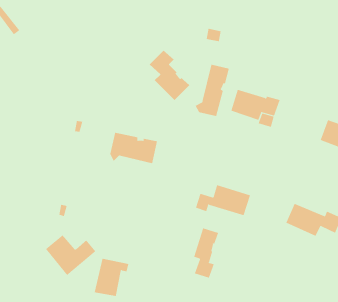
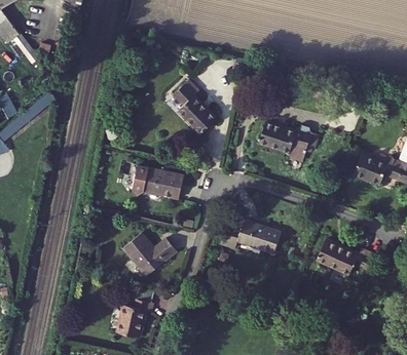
building: [195,64,230,117] -> none
building: [193,228,219,279] -> none
building: [45,234,96,276] -> [123,233,177,276]

